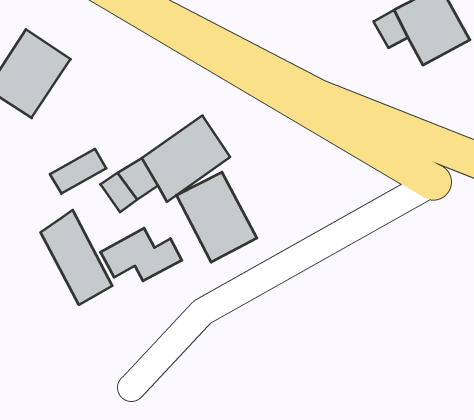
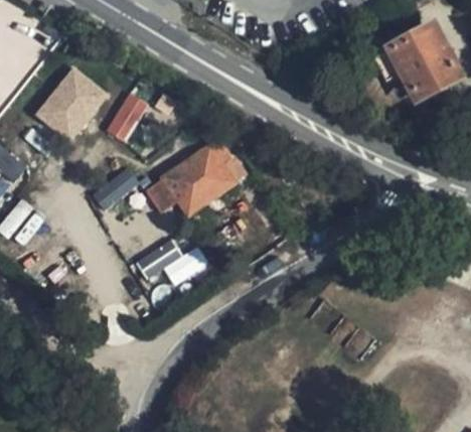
building: none -> [106,91,148,142]
building: [176,172,257,262] -> none
building: [41,210,112,305] -> none

